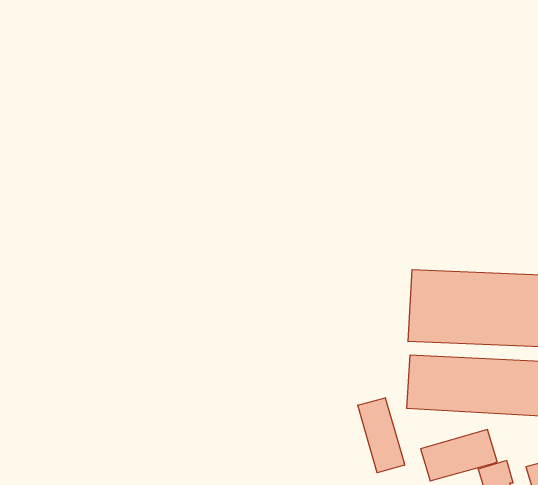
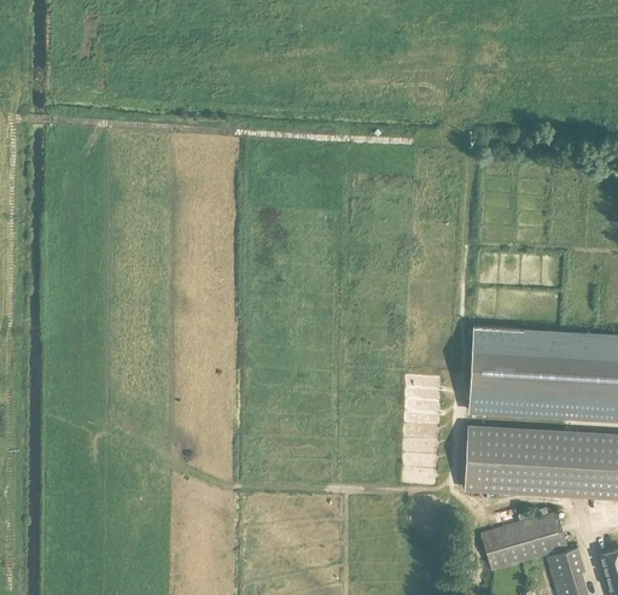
building: [358,398,405,473] -> none

